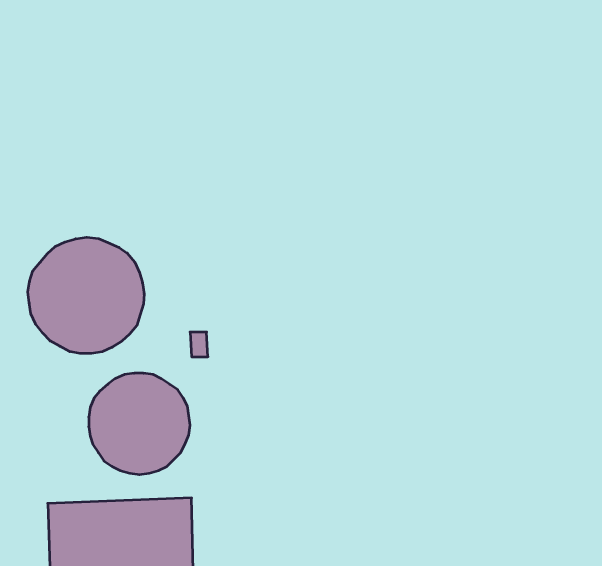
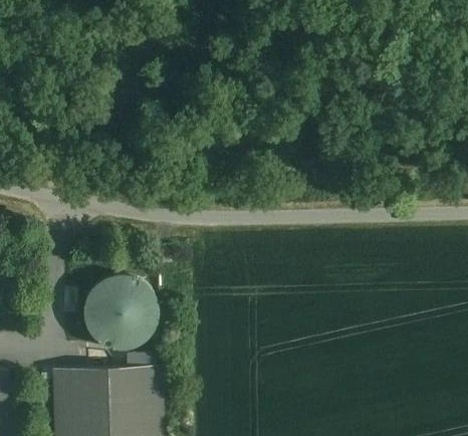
building: [28,237,144,353] -> none

